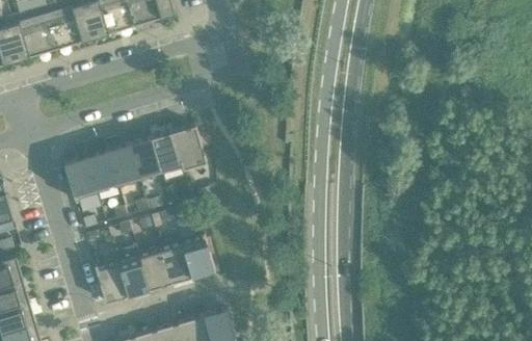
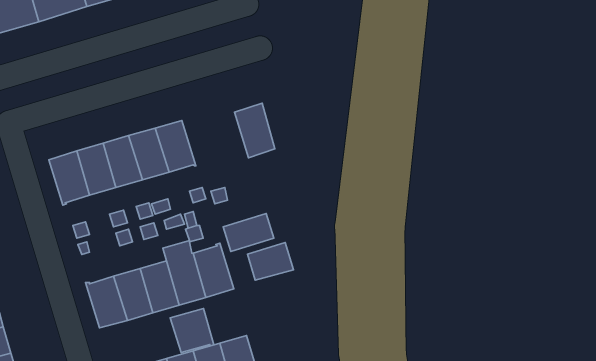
building: [171,124,205,168] -> [234,103,275,158]
building: none -> [223,214,274,251]
building: none -> [248,243,294,280]
building: none -> [170,309,214,353]

